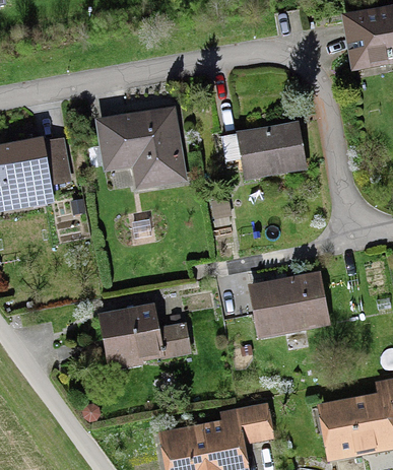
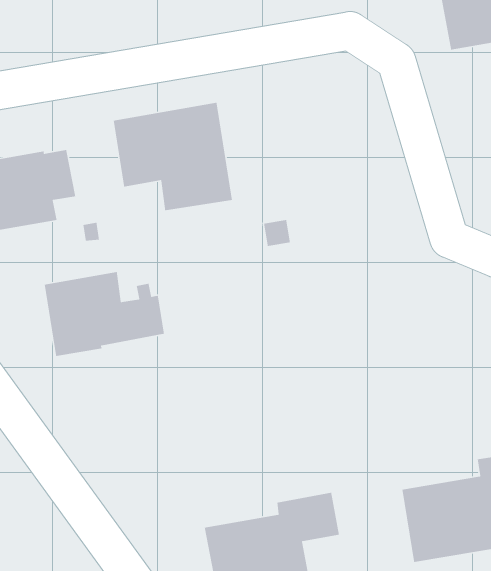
building: [221,121,308,180] -> none
building: [248,271,330,337] -> none
building: [99,303,192,368] -> [44,271,165,357]

